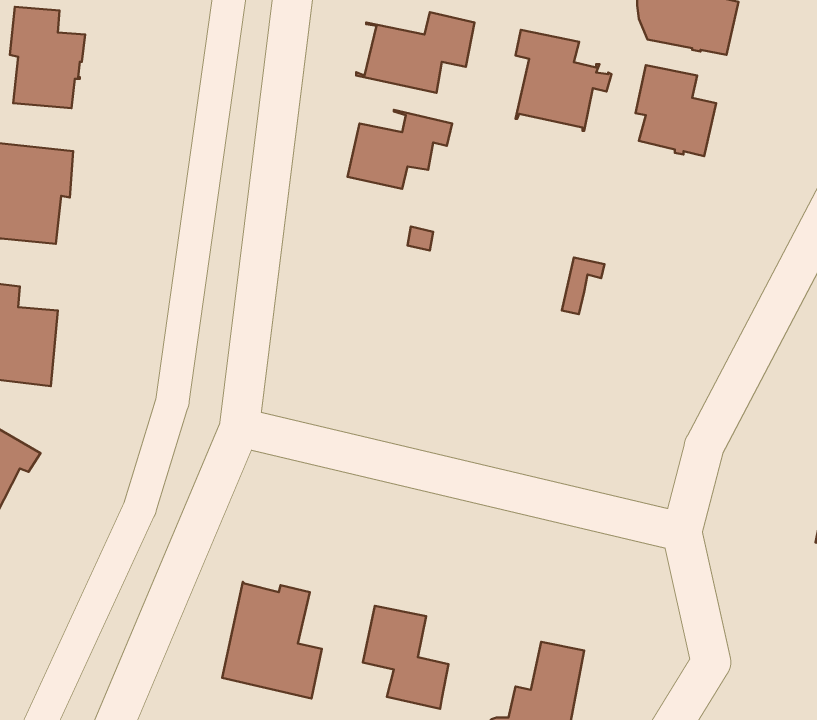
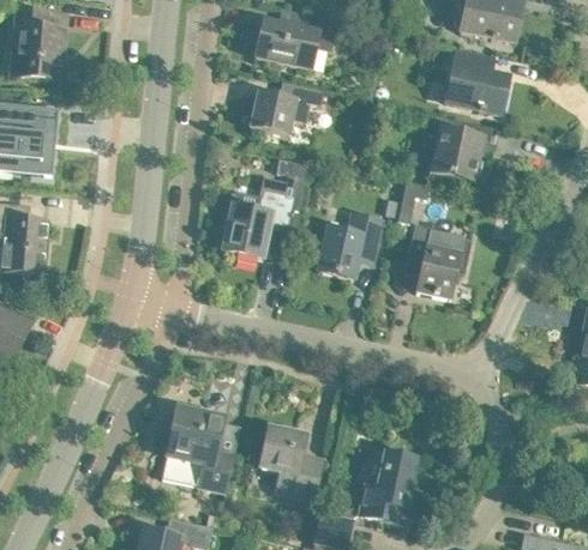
building: [516,30,612,131] -> [427,113,494,183]
building: none -> [222,188,293,262]
building: none -> [318,213,380,277]
building: none -> [406,223,462,298]

